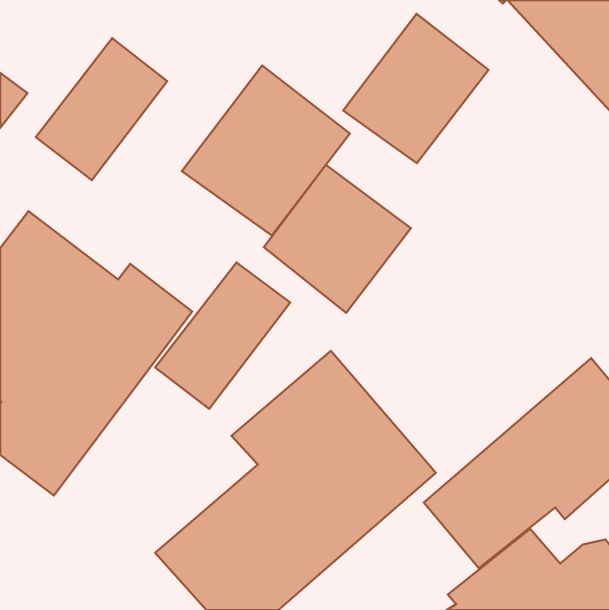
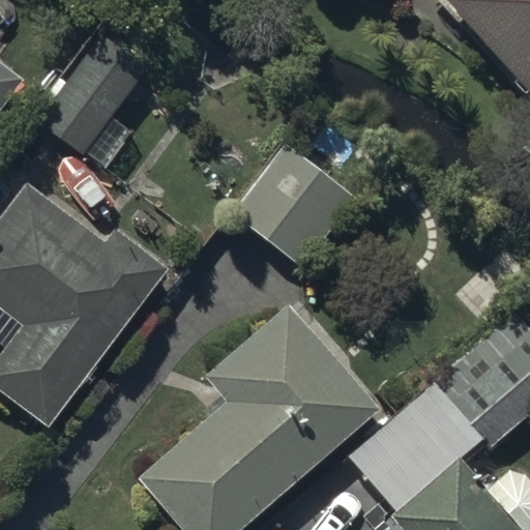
building: [343,14,488,163] -> none
building: [182,65,350,236] -> none
building: [155,262,290,409] -> none

